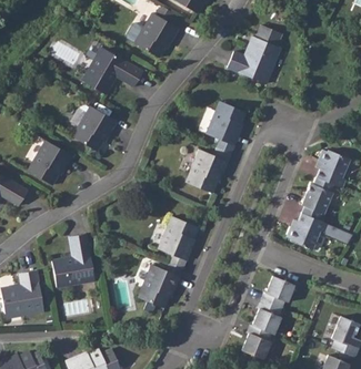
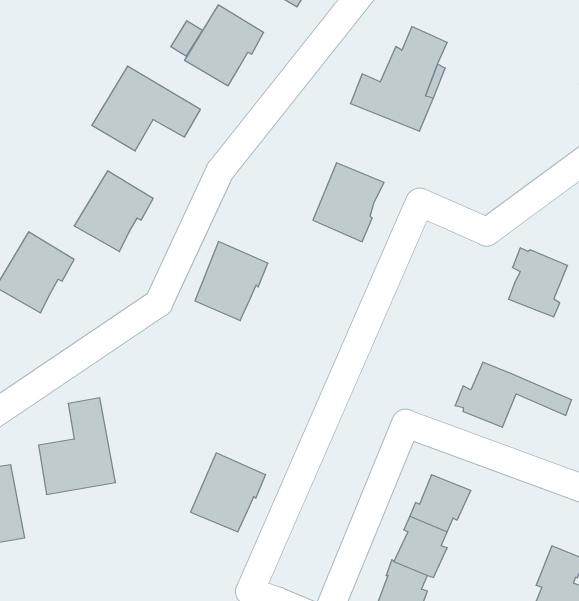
building: [187,148,228,193] -> [195,242,268,321]
building: [302,177,333,219] -> none
building: [159,216,199,260] -> none

